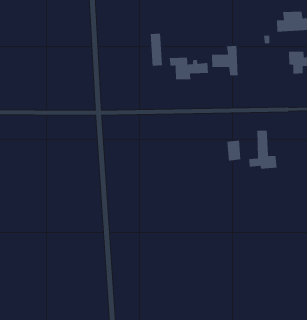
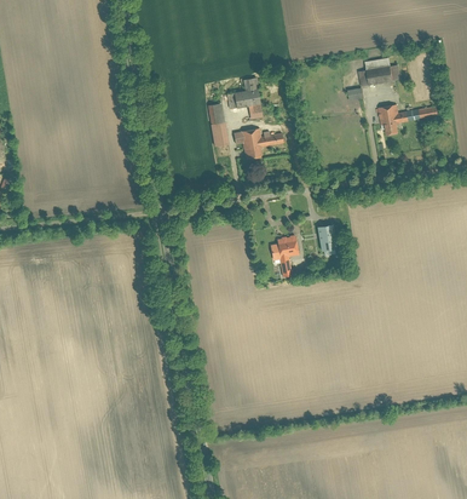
building: [211,45,239,76] -> [226,78,263,116]
building: [249,130,278,170] -> none
building: none -> [271,236,299,277]

